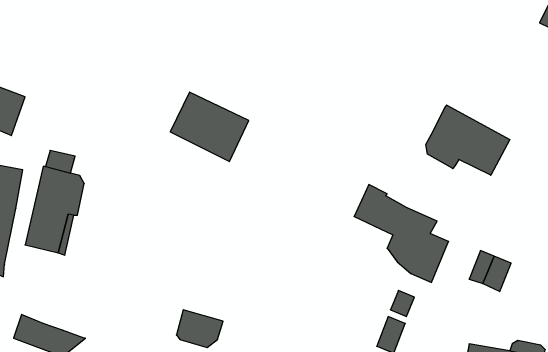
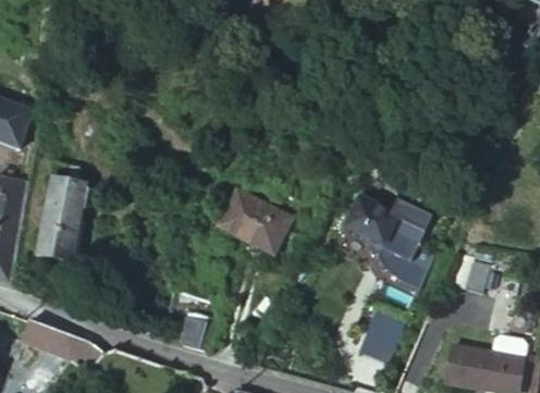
building: [170,92,249,162] -> [218,187,293,254]
building: [426,105,510,175] -> none

